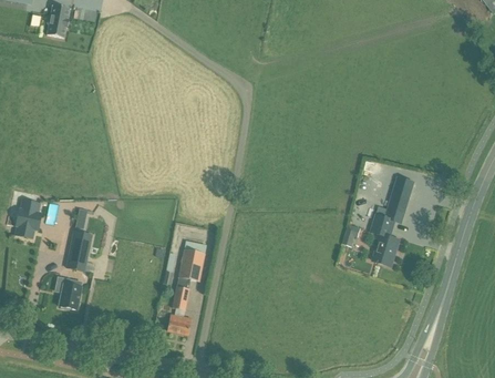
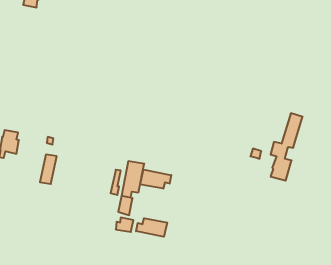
building: none -> [140,170,171,189]
building: [55,278,82,309] -> none
building: none -> [136,218,167,237]

